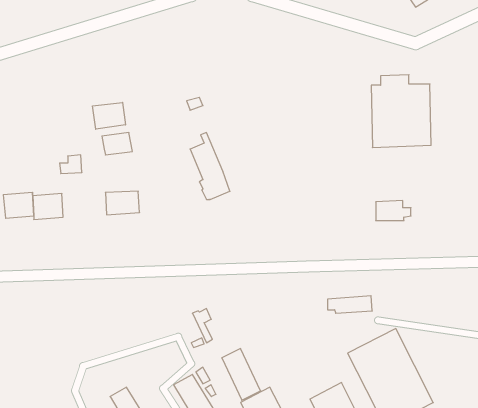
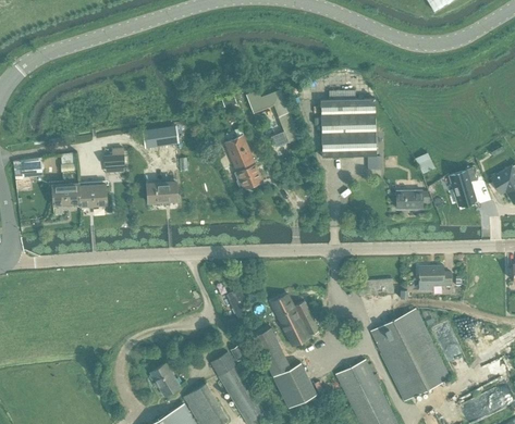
building: [371,75,431,148] -> [320,90,376,158]
building: none -> [246,89,299,142]
building: [93,102,125,129] -> none
building: none -> [449,167,476,205]
building: none -> [419,265,451,290]
building: none -> [270,294,319,346]

